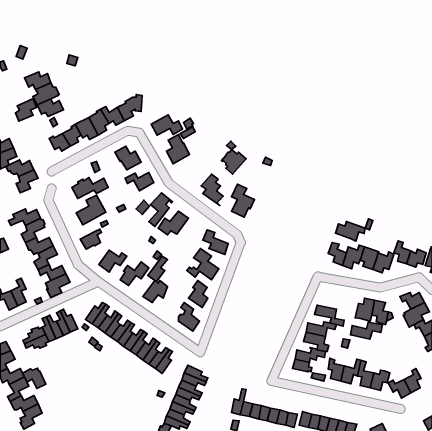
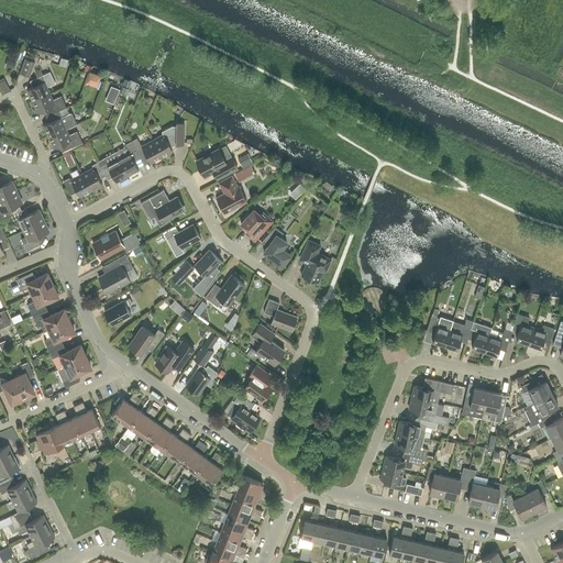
building: [15,98,37,121] -> [27,73,55,102]
building: [221,150,246,174] -> [241,210,273,242]
building: [336,221,365,241] -> none
building: [350,322,383,339] -> [412,382,454,404]
building: [23,368,46,389] -> none

